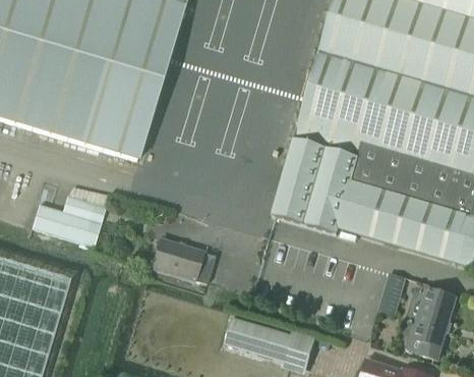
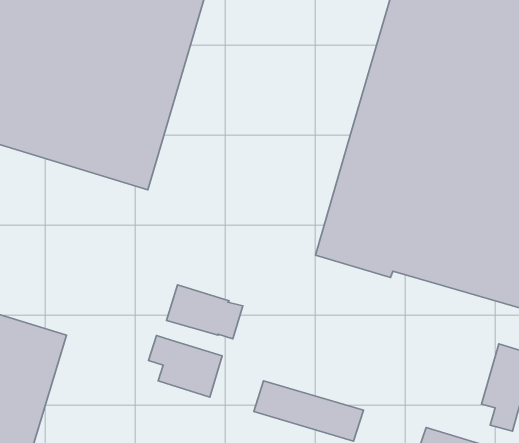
building: [31,195,105,246] -> none
building: [377,272,405,315] -> none
building: none -> [148,335,222,397]

